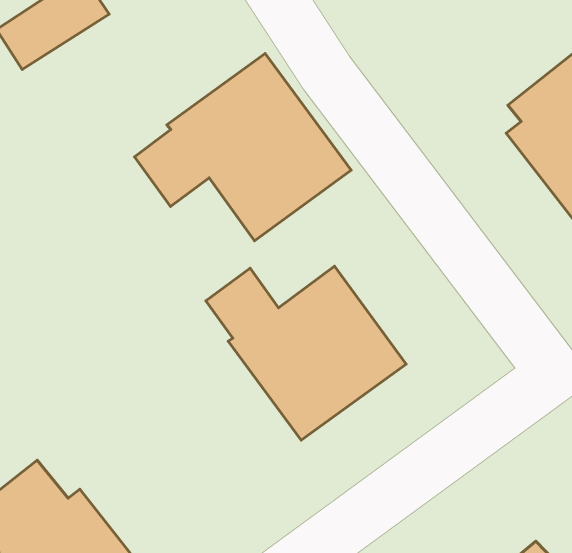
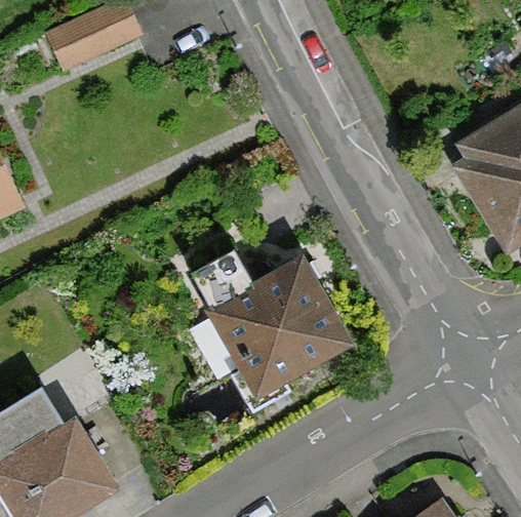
building: [134,54,351,241] -> none

